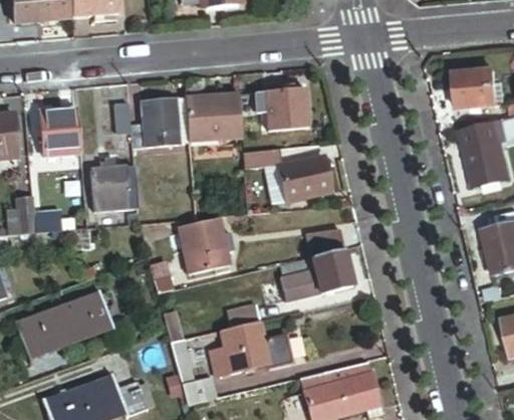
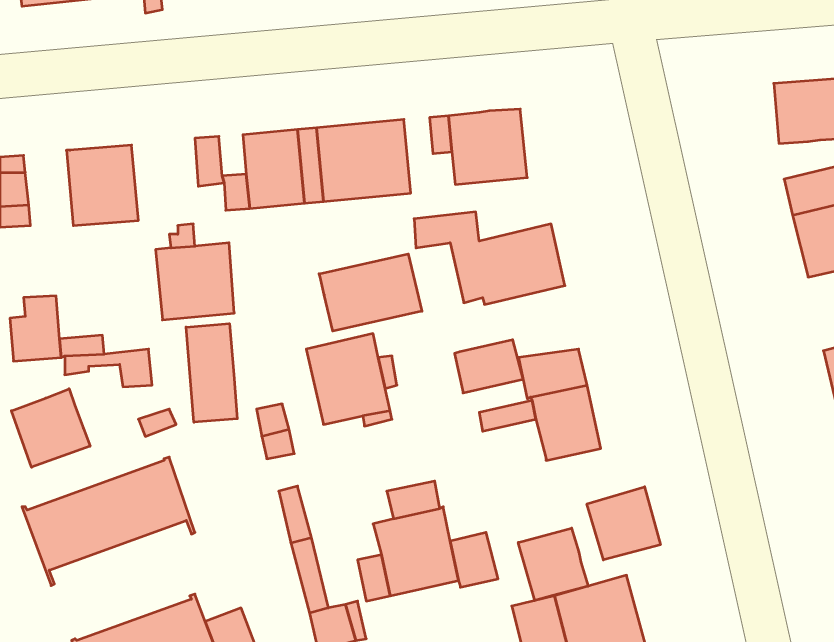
building: none -> [319,254,422,331]
building: none -> [186,324,237,422]
building: none -> [11,389,90,467]
building: [280,269,320,300] -> [455,340,523,393]
building: none -> [587,487,660,560]
building: none -> [518,528,588,601]

